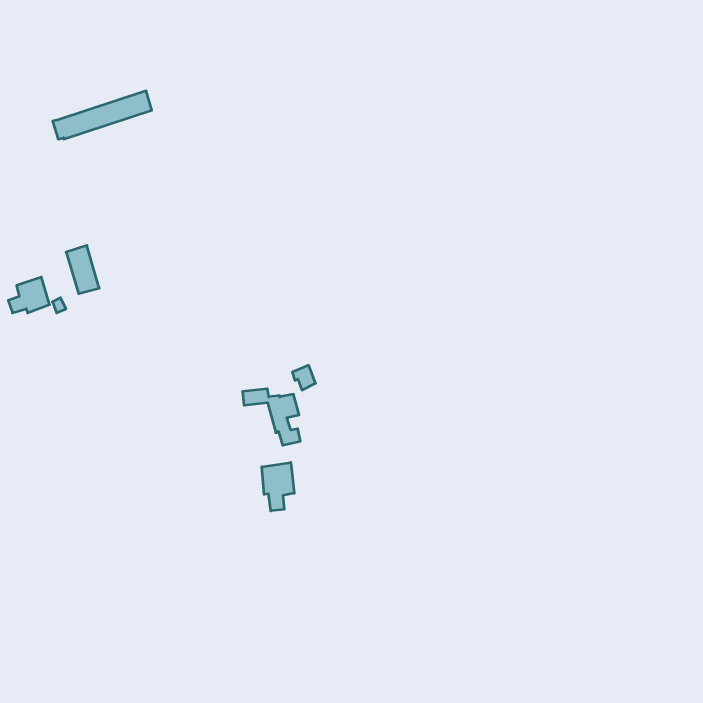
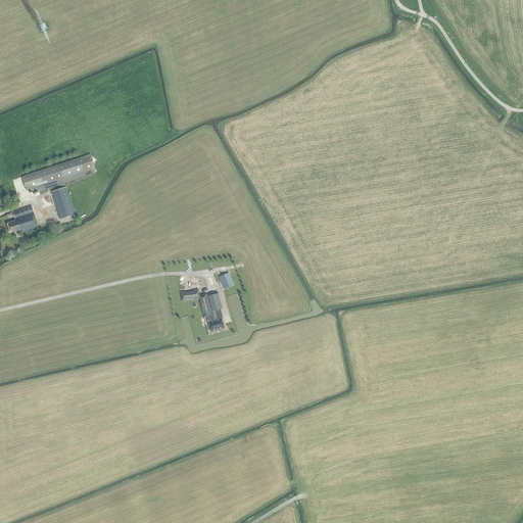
building: [53,91,152,139] -> [20,153,94,189]
building: [262,462,294,511] -> none

